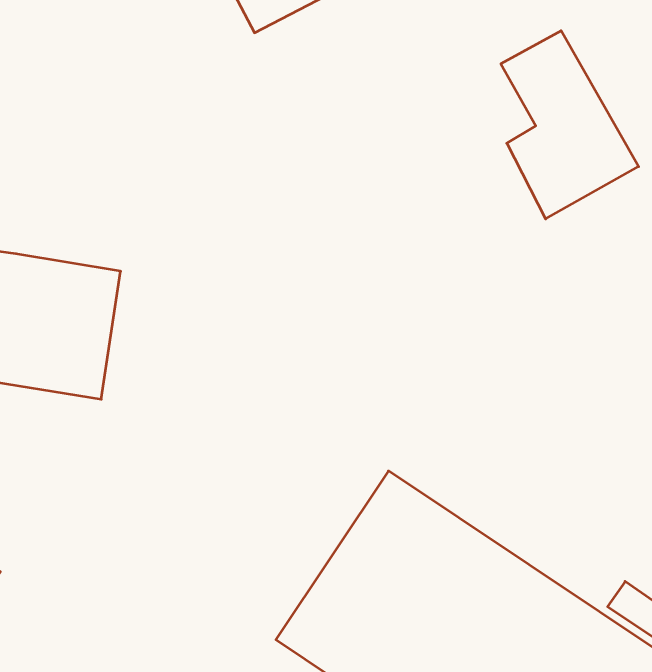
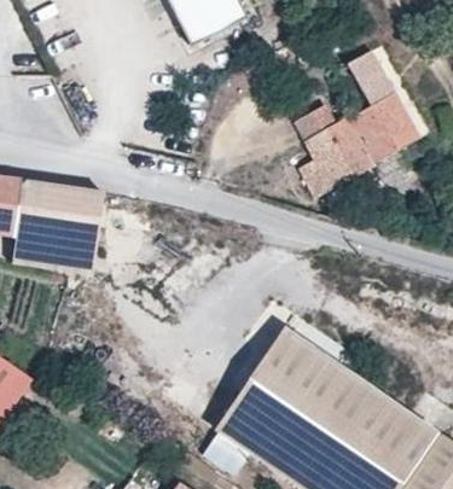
building: none -> [291,106,373,194]

